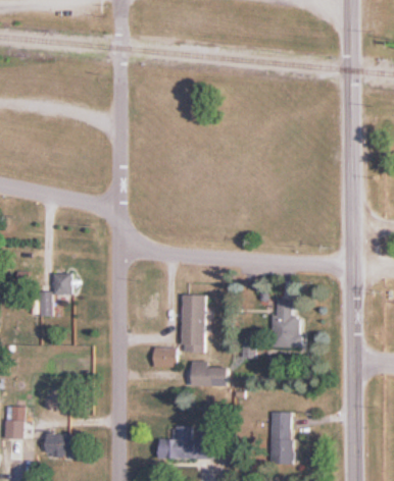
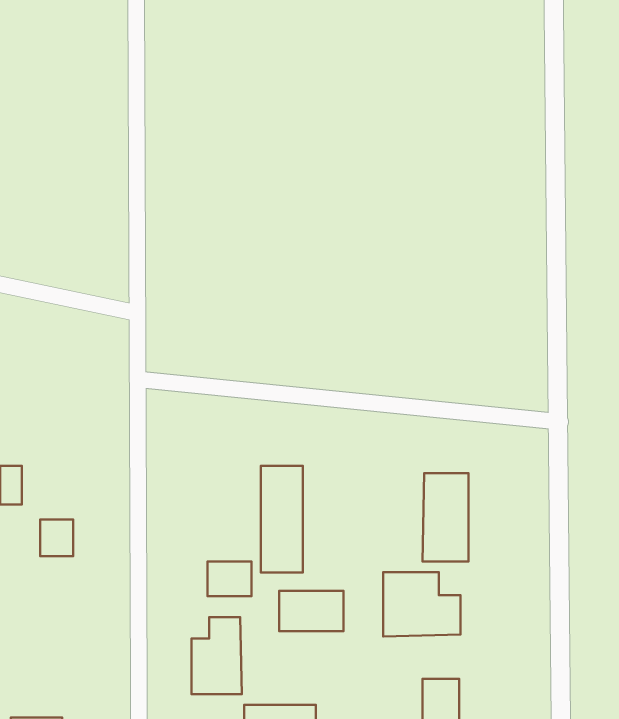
building: [52,273,70,293] -> [40,519,73,556]
building: none -> [383,572,460,637]
building: none -> [191,617,242,694]

